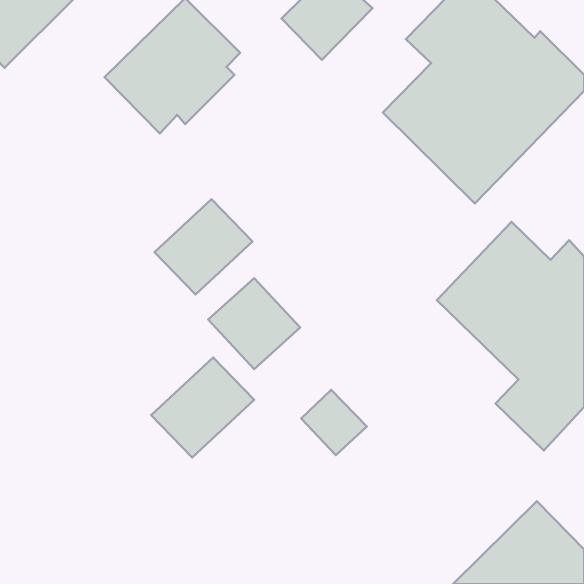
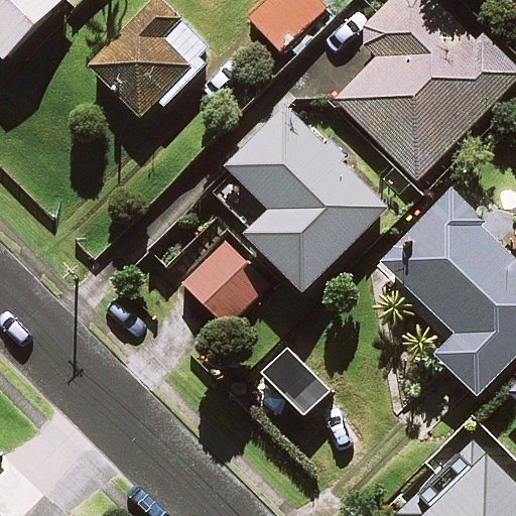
building: none -> [214,109,386,290]
building: [154,199,252,294] -> none
building: [151,358,254,458] -> none

